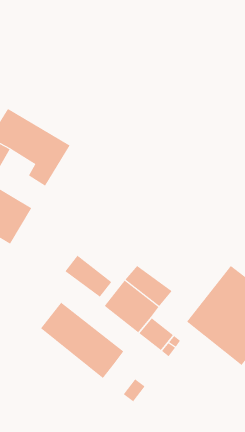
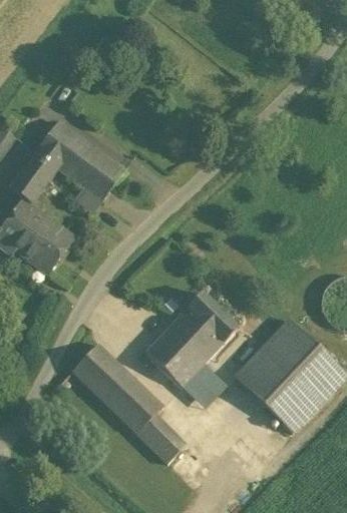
building: [64,255,112,298] -> [187,293,239,343]
building: none -> [137,417,172,452]

